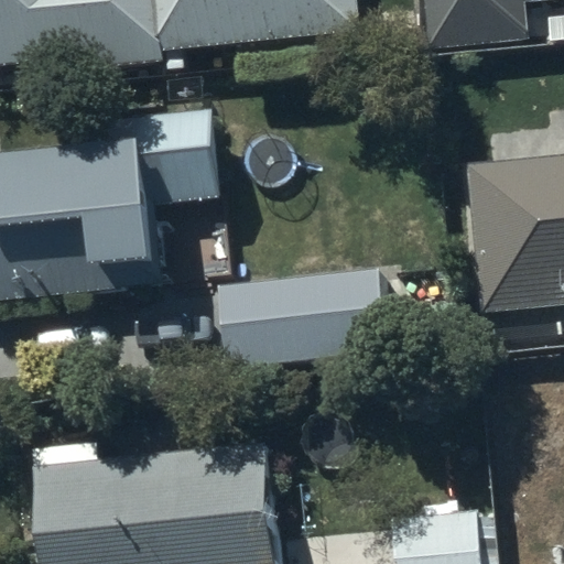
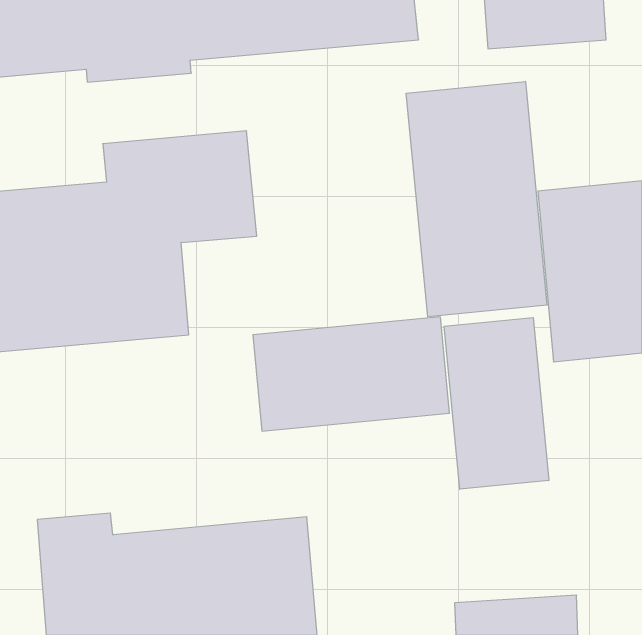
building: none -> [406,81,547,317]
building: none -> [444,318,549,489]

